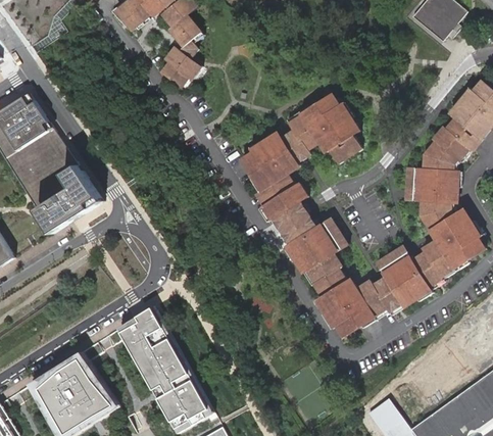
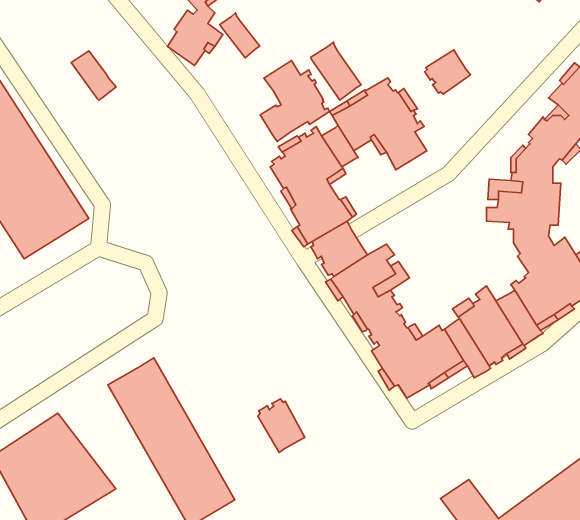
building: none -> [220,13,260,58]
building: none -> [311,42,361,100]
building: none -> [425,50,471,94]
building: none -> [71,51,116,100]
building: none -> [260,61,330,142]
building: none -> [258,399,305,452]

